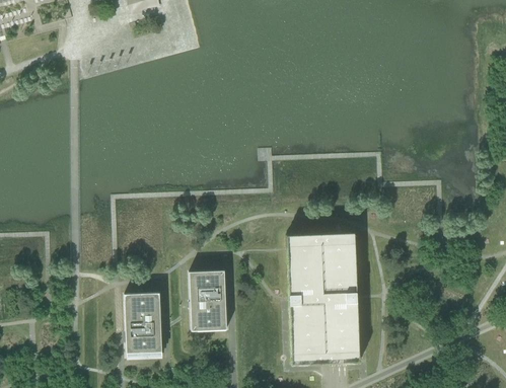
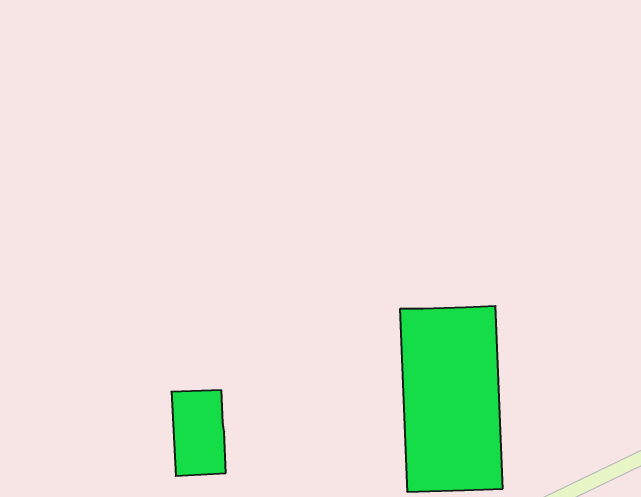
building: [189,269,227,330] -> none

